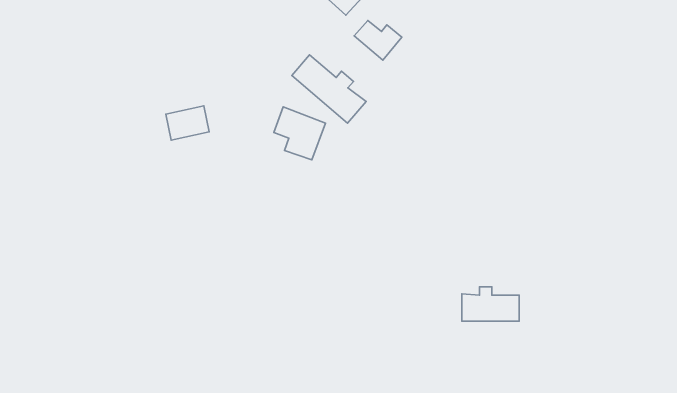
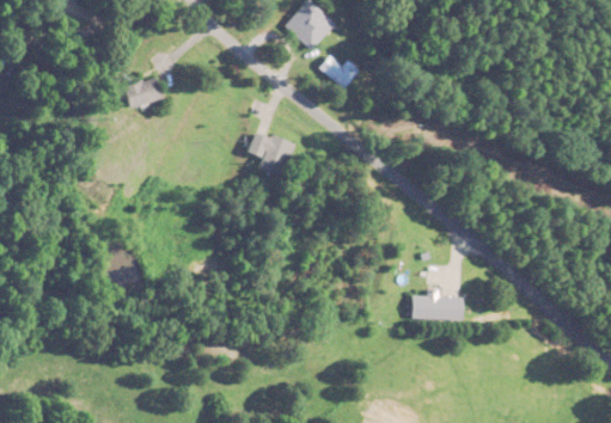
building: [292,55,366,123] -> none
building: [166,106,209,140] -> [123,79,161,109]

